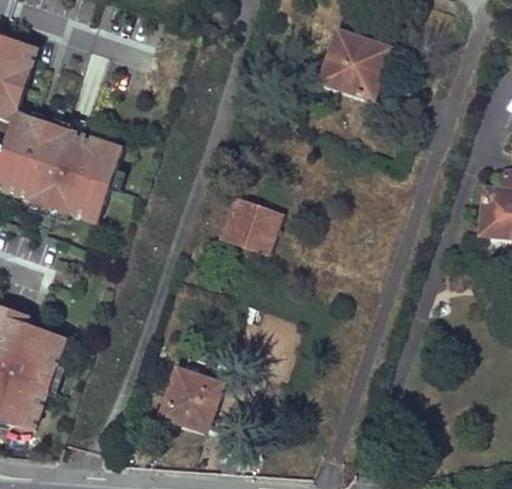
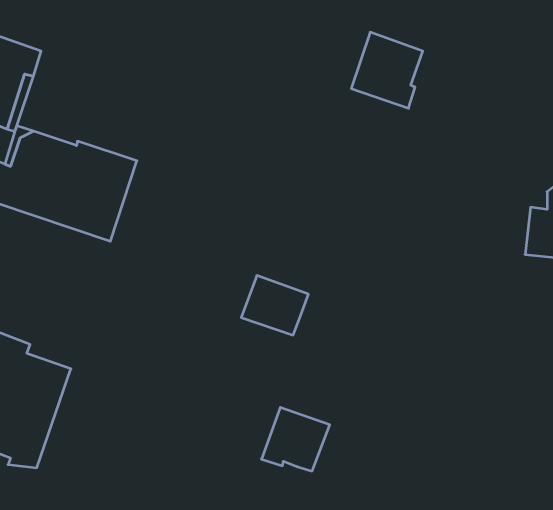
building: [219,199,280,253] -> [241,276,308,335]
building: [158,368,220,426] -> [261,407,330,471]

